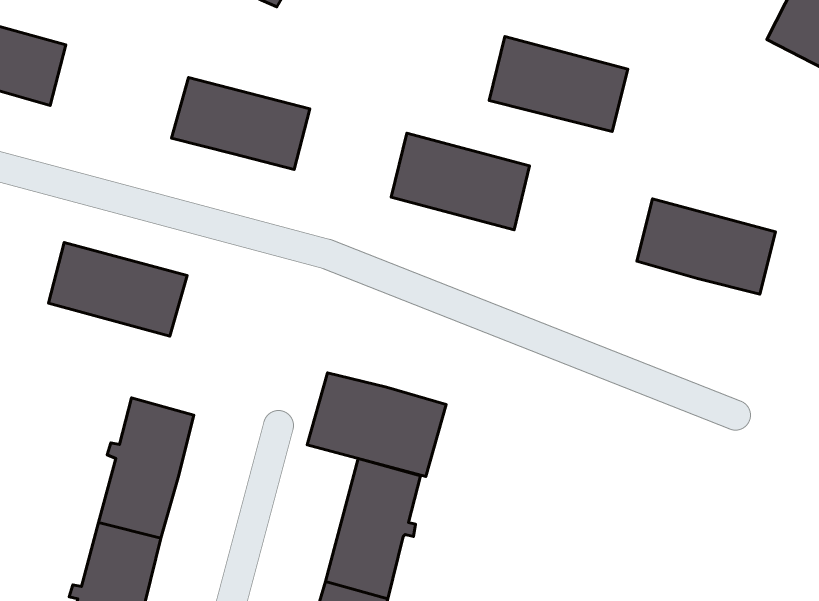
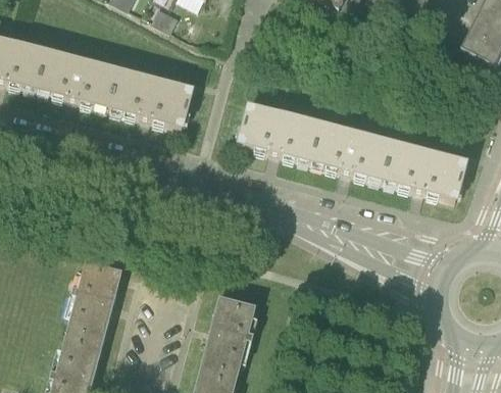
building: [489,36,628,132] -> [311,124,393,180]
building: [49,243,187,336] -> [38,52,119,107]
building: [307,373,446,477] -> none

